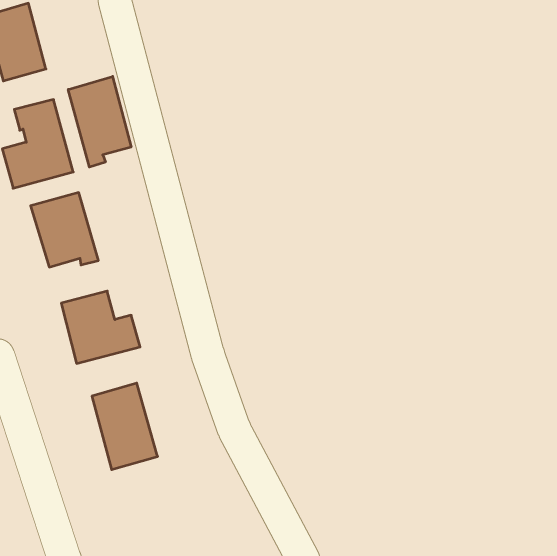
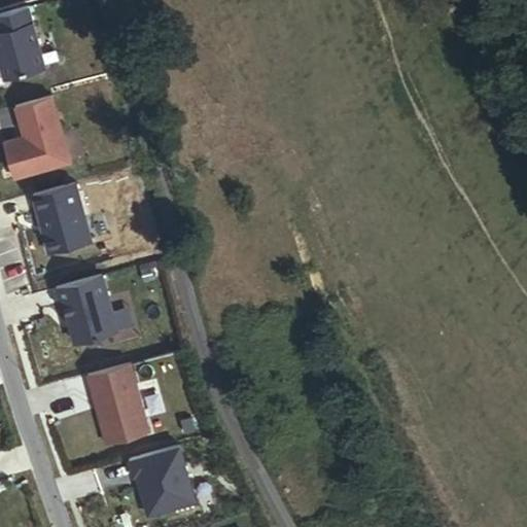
building: [68,76,131,167] -> none
building: none -> [128,447,194,516]

